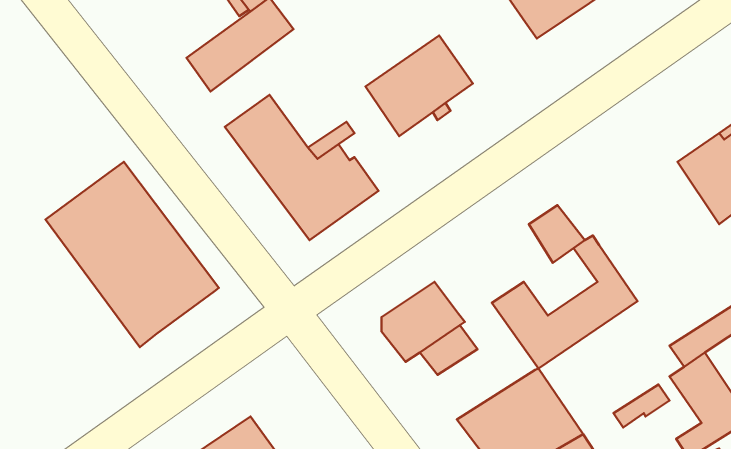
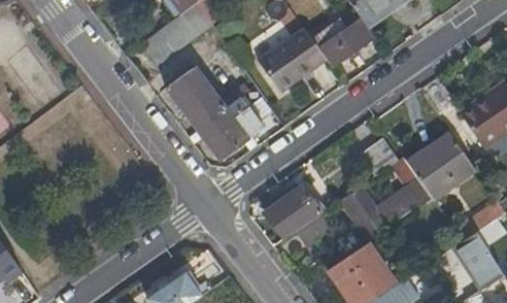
building: none -> [314,19,374,65]
building: [45,162,219,347] -> none
building: none -> [408,133,476,198]

